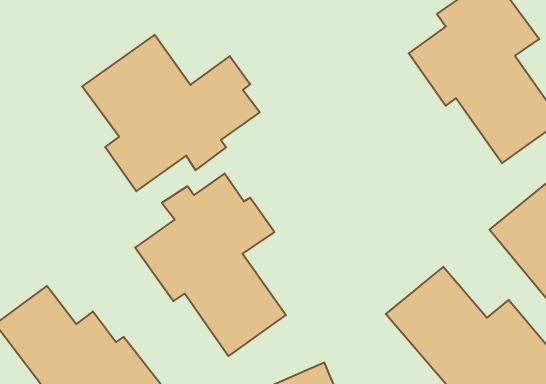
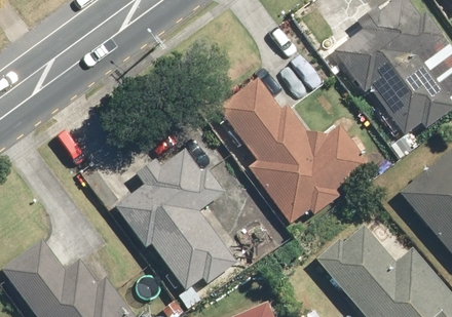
building: [82,35,260,191] -> none
building: none -> [218,69,371,224]

